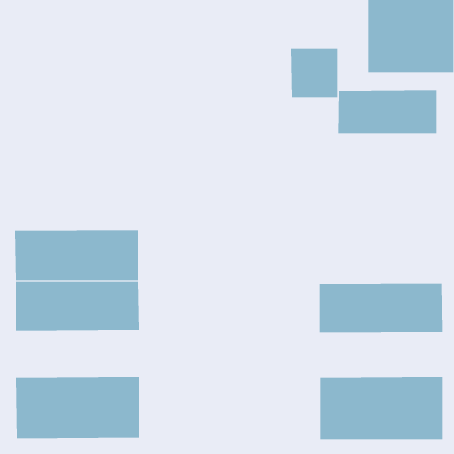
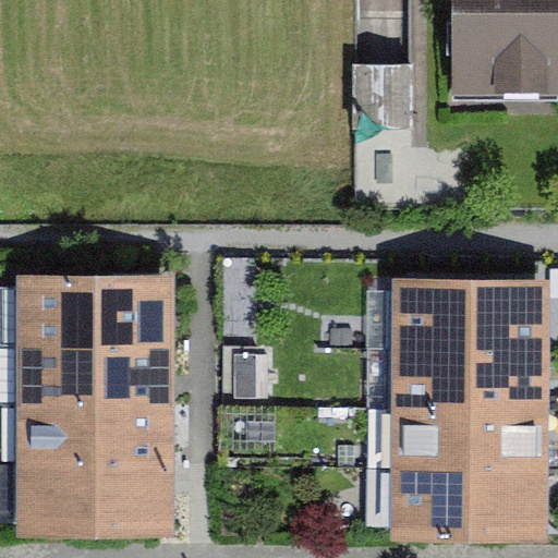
building: [338,90,437,134] -> none
building: none -> [390,280,542,348]
building: none -> [19,404,171,462]
building: none -> [390,407,543,462]

